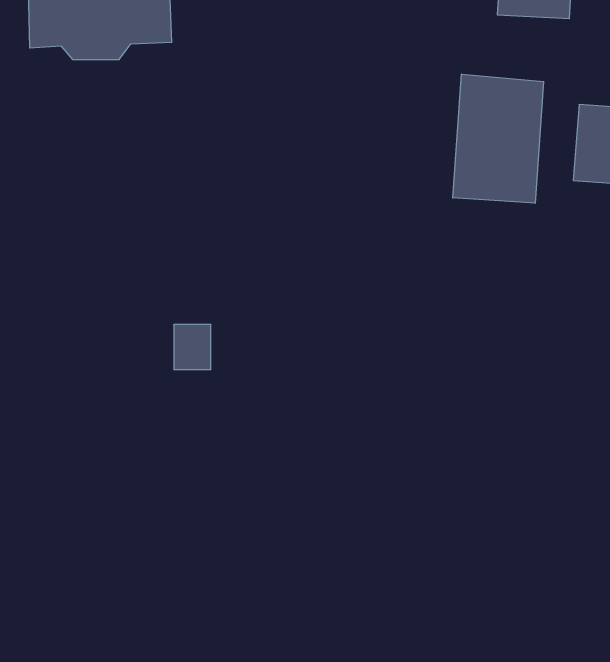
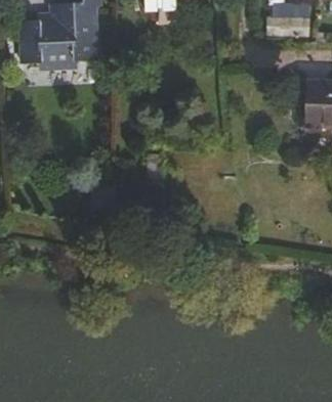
building: [453,74,544,203] -> none

